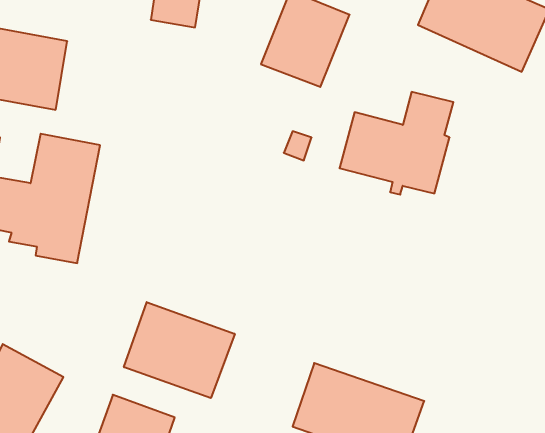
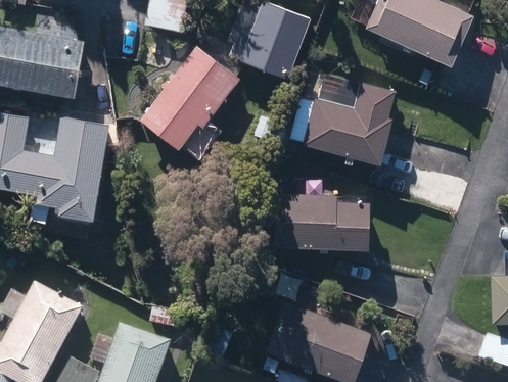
building: none -> [140,45,239,153]
building: none -> [274,178,369,251]
building: [124,302,235,398] -> none

